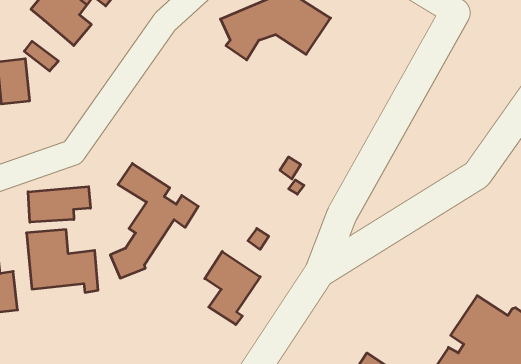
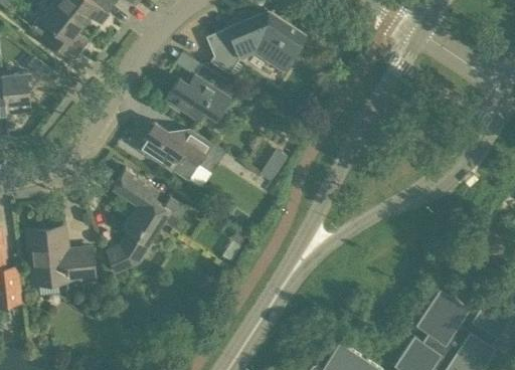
building: none -> [166,74,231,120]
building: none -> [139,123,211,171]
building: [28,187,90,222] -> none
building: [205,251,260,325] -> none

